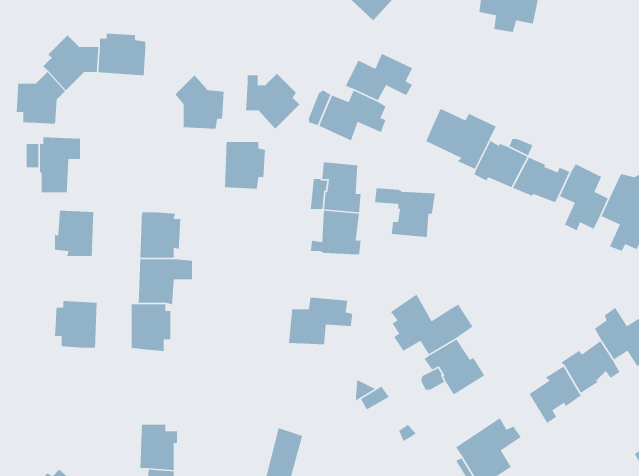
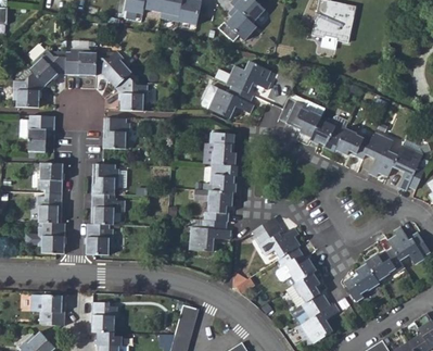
building: [245,73,300,130] -> [95,51,131,88]
building: [224,141,266,190] -> [103,118,130,150]
building: [374,188,436,238] -> [193,189,233,222]
building: none -> [37,193,62,223]
building: none -> [285,273,327,311]
building: none -> [40,294,66,325]

